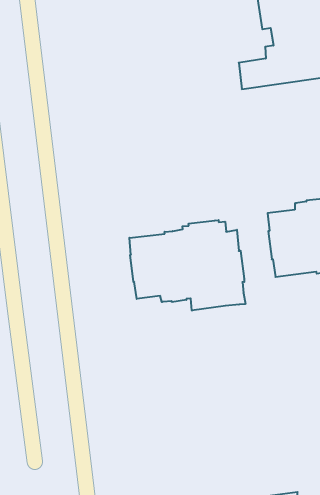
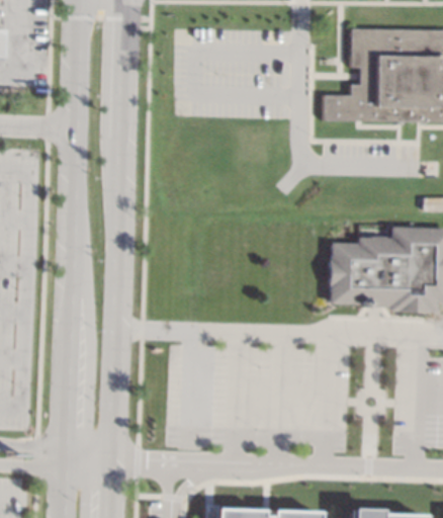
building: [129,220,245,311] -> none

